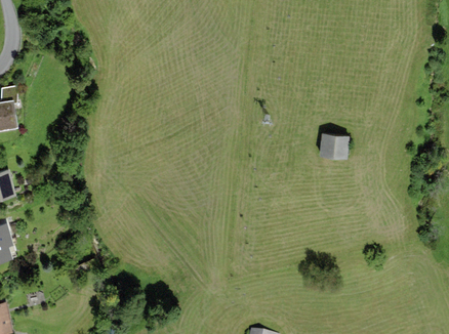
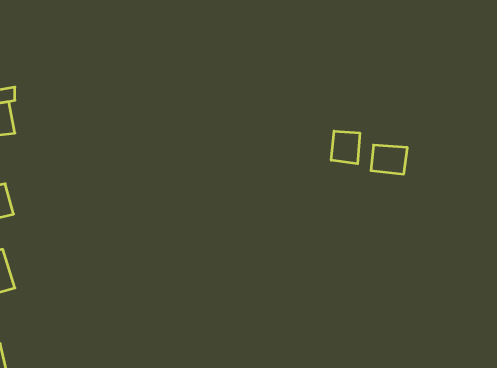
building: none -> [331,131,360,164]

